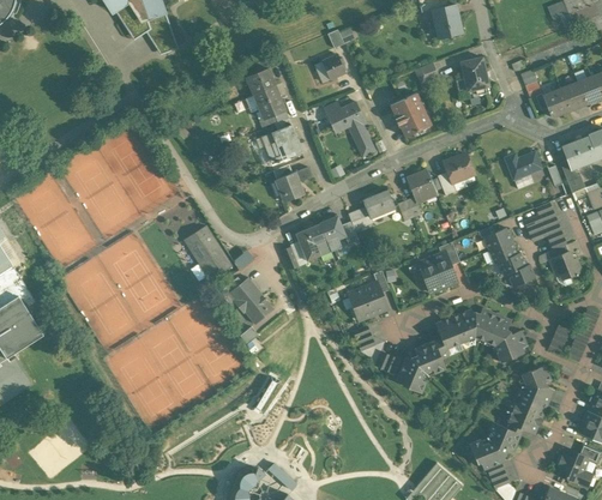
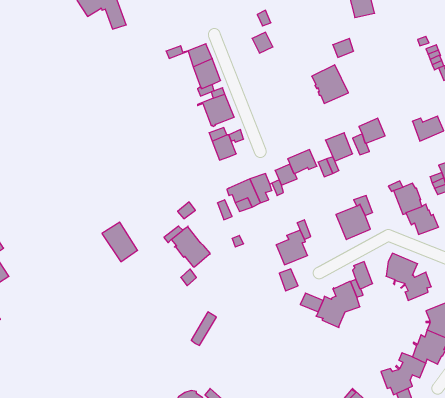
building: [456,58,488,95] -> none
building: [323,102,374,156] -> none
building: [189,234,230,279] -> [102,222,138,262]
building: [450,308,477,343] -> none

